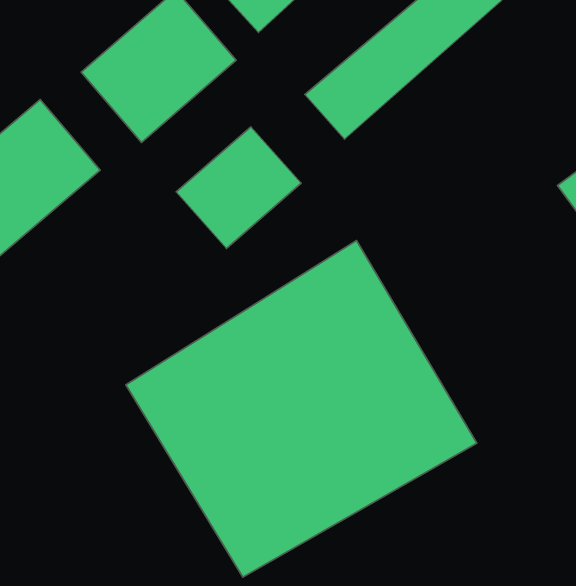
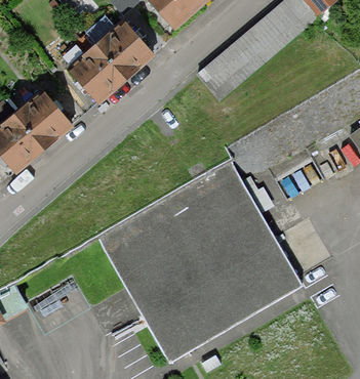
building: [176,127,301,248] -> none

